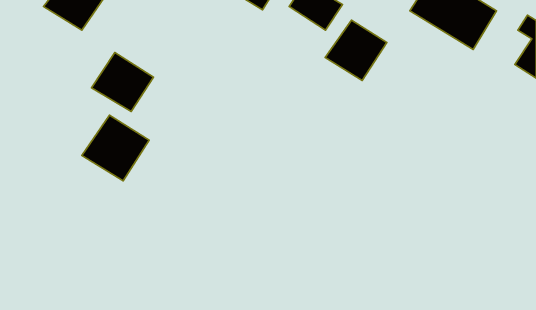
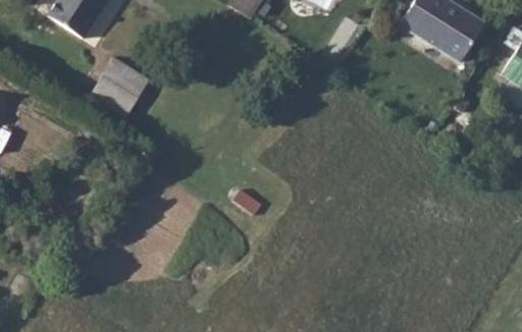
building: [325,20,387,80] -> none
building: [82,115,149,181] -> none

